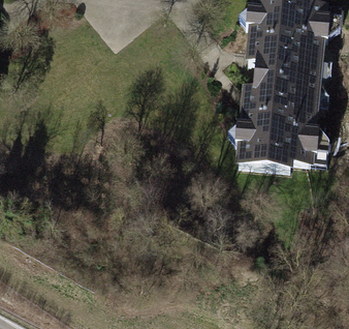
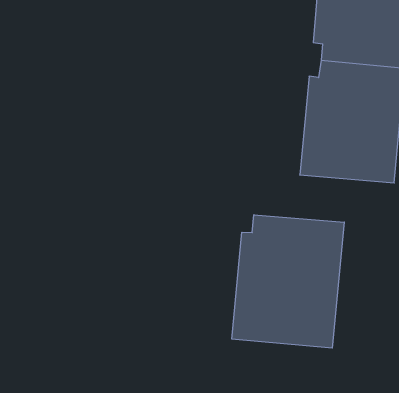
building: none -> [232,215,344,348]

